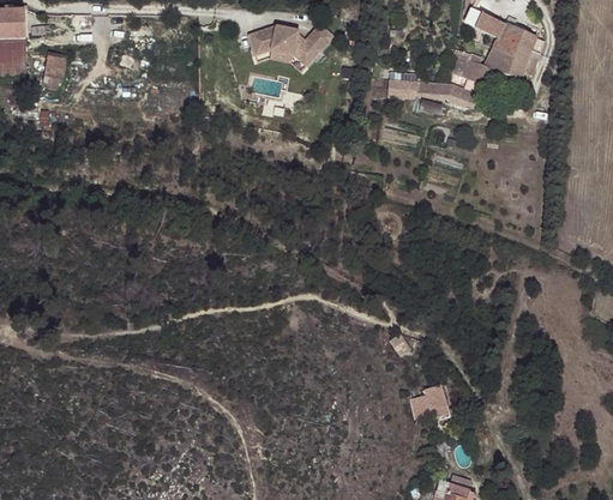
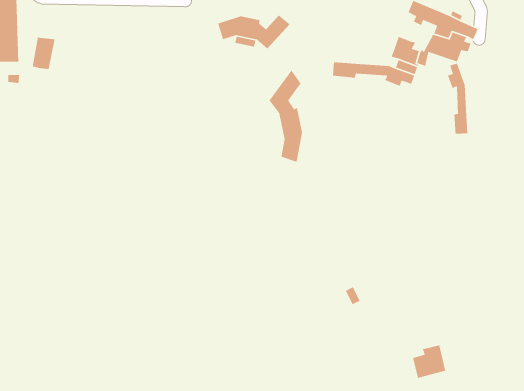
building: none -> [447,62,468,134]
building: none -> [268,69,303,163]
building: [411,381,450,420] -> [412,345,446,379]

